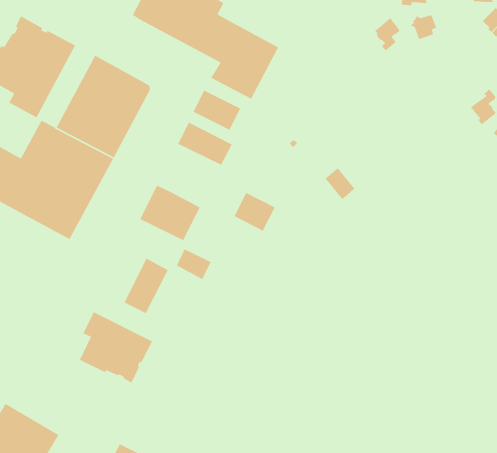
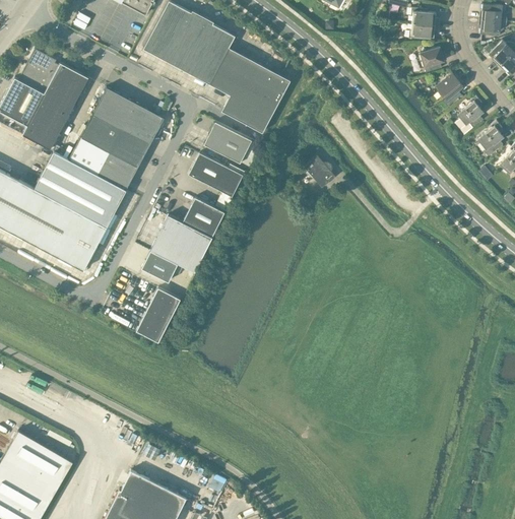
building: [374,17,401,51] -> [436,74,462,108]
building: none -> [454,95,482,135]
building: [325,167,355,200] -> [304,155,334,188]
building: [233,192,276,232] -> [182,198,223,238]
building: [176,248,212,280] -> [141,251,177,282]
building: [79,311,153,384] -> none

